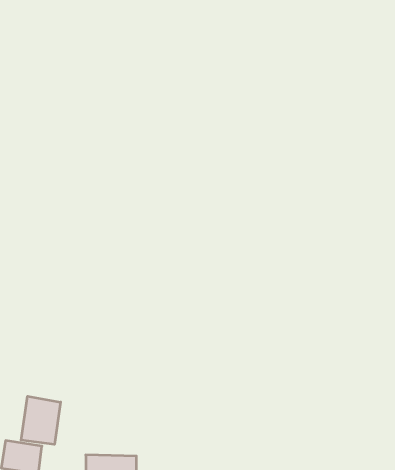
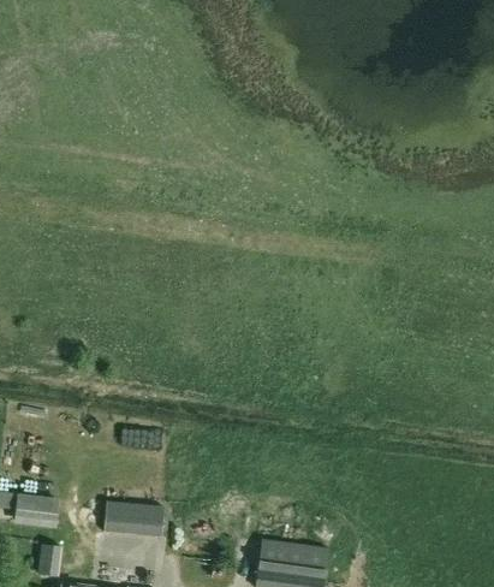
building: [21,396,61,444] -> none

